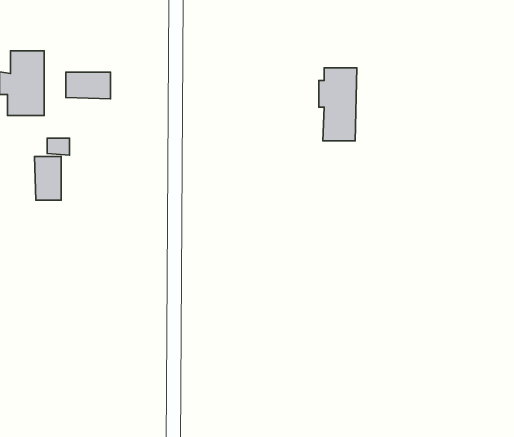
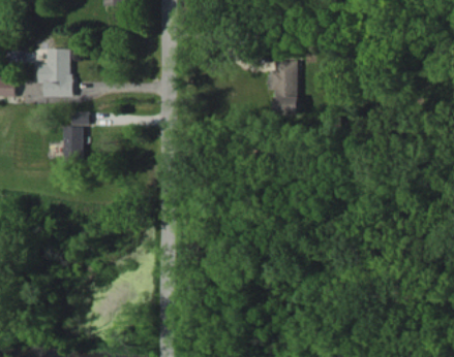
building: [66,72,111,99] -> none

